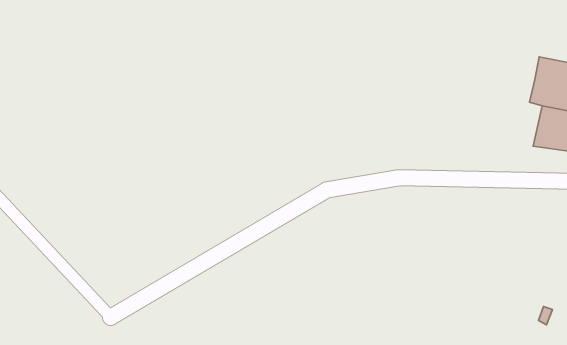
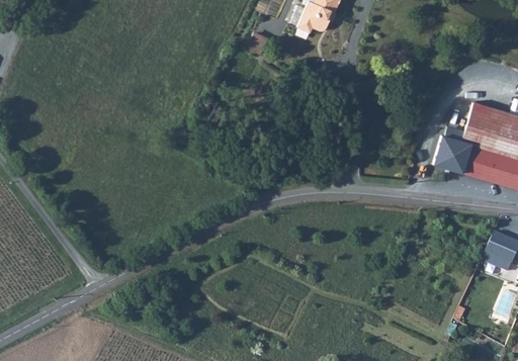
building: none -> [432,125,471,175]

